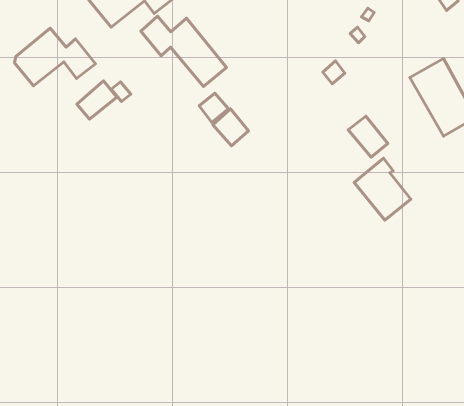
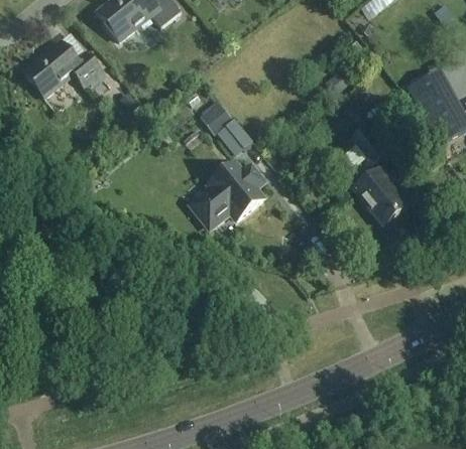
building: [141,16,227,86] -> none
building: [77,81,117,119] -> none
building: none -> [195,162,262,227]

